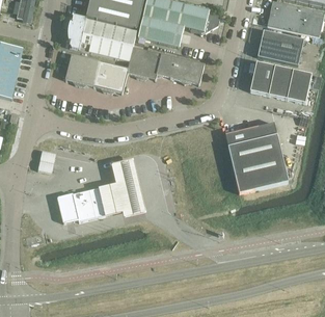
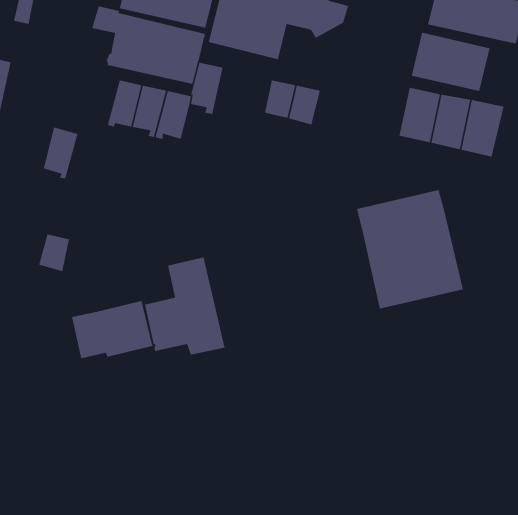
building: [140,50,174,79] -> none
building: [64,53,85,84] -> [43,127,78,180]

